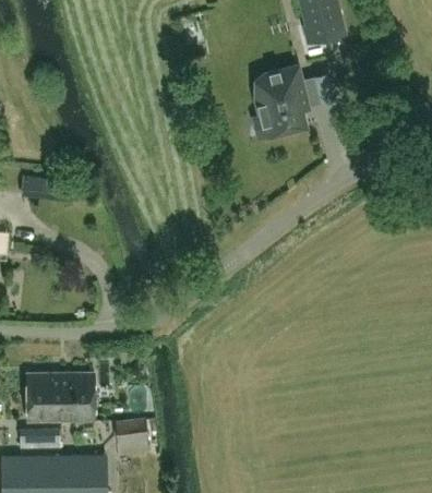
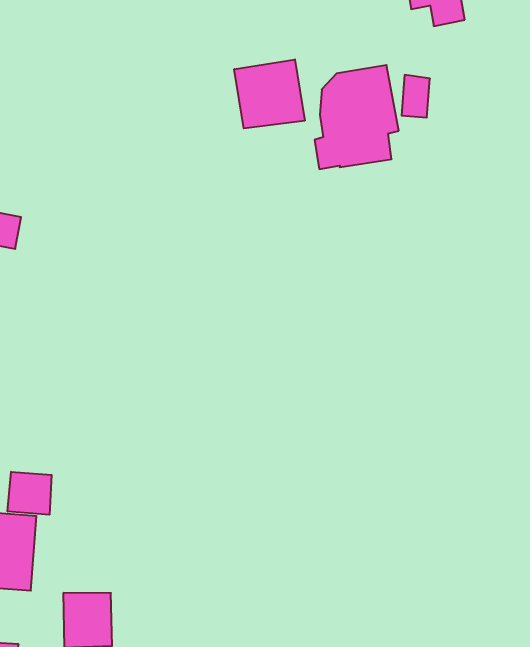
building: none -> [234,59,305,128]
building: none -> [8,472,52,515]

